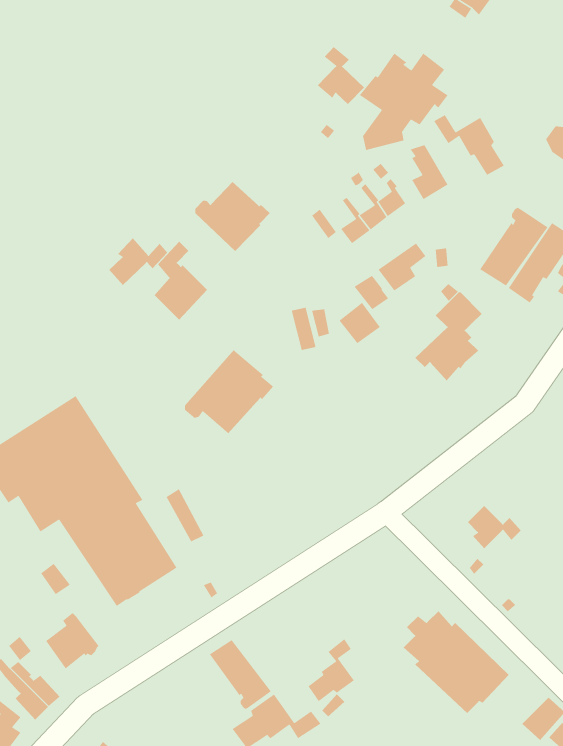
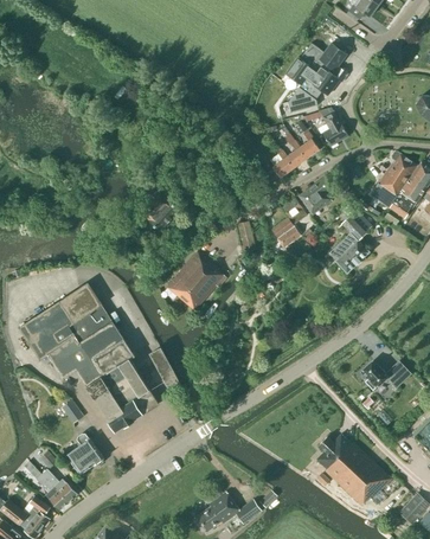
building: [317,46,365,105] -> none
building: [433,114,505,176] -> none
building: [194,181,271,252] -> none
building: [109,237,168,286] -> none
building: [308,638,355,702] -> none
building: [209,639,272,710] -> none

